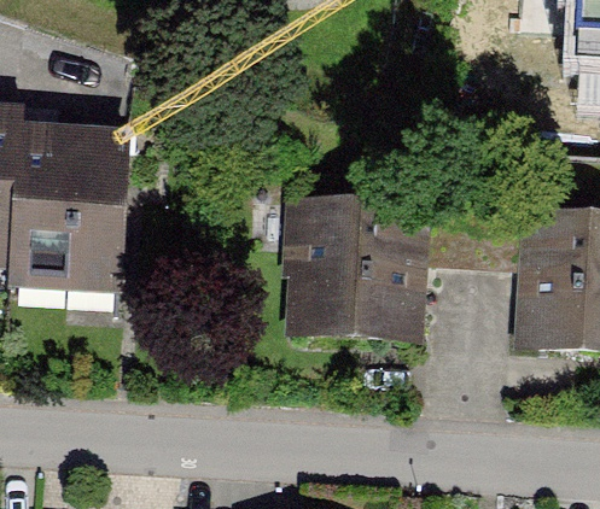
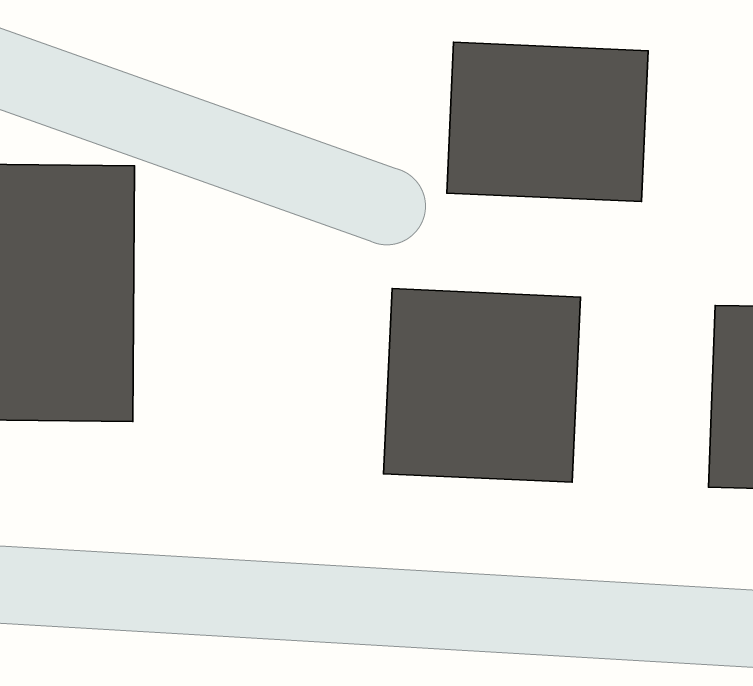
building: none -> [447,42,648,202]

